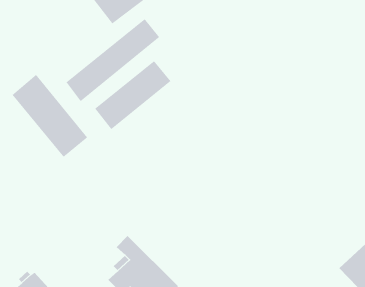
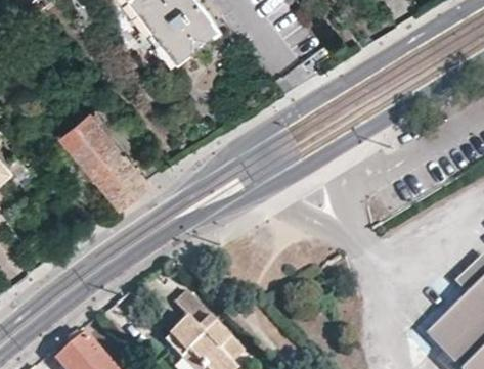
building: [65,18,160,102] -> none
building: [94,60,171,130] -> none

